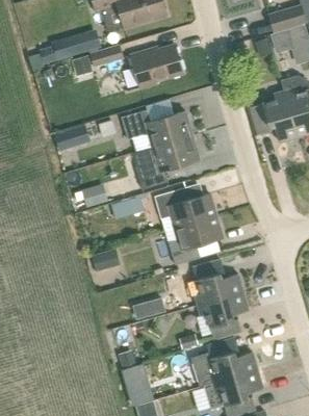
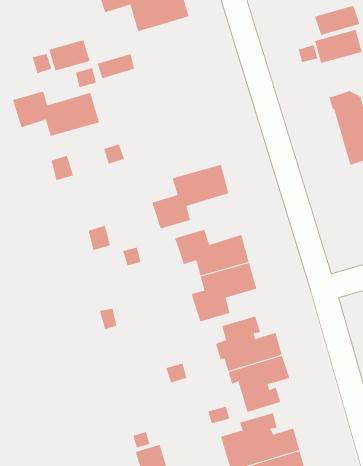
building: [130,44,183,87] -> none
building: [250,90,298,141] -> none
building: [121,109,192,147] -> [12,91,100,137]

